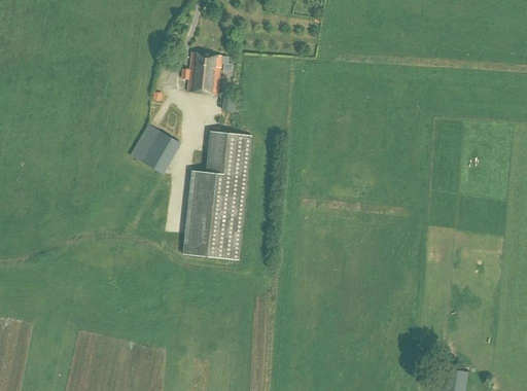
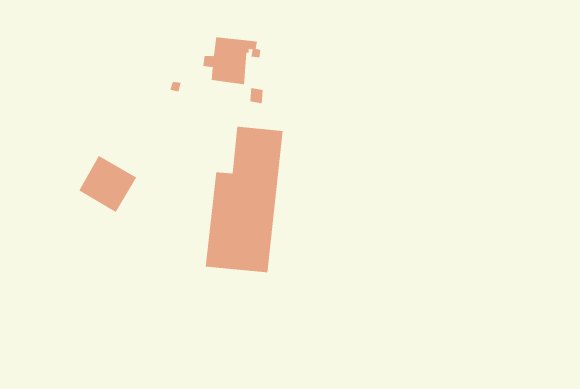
building: [130,123,181,174] -> [79,155,137,213]

